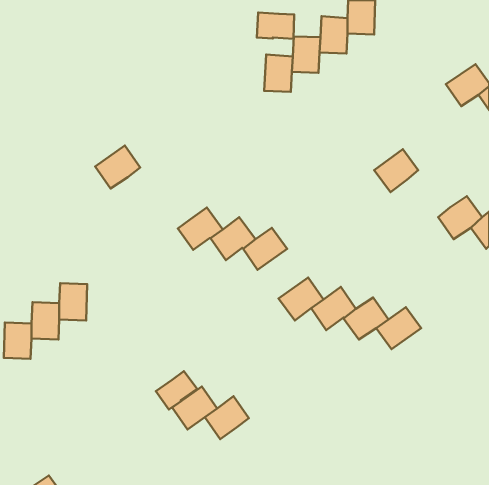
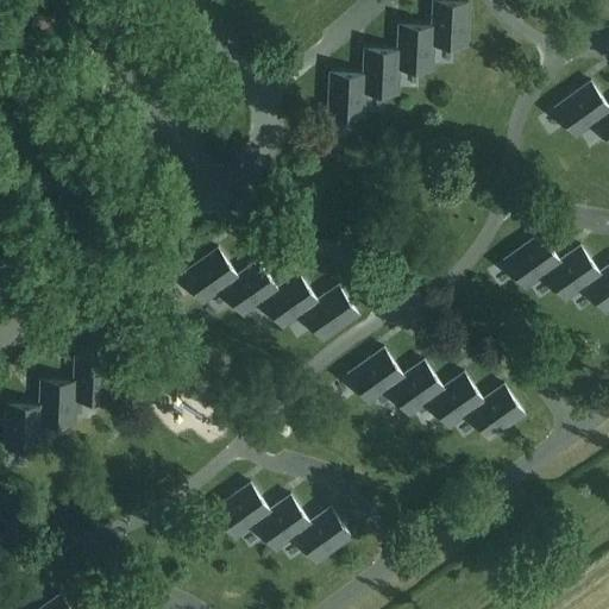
building: [257,13,294,39] -> none
building: [95,146,140,189] -> [181,250,237,303]
building: [374,149,418,192] -> [504,237,559,290]
building: [156,371,197,410] -> none
building: none -> [294,509,350,563]

